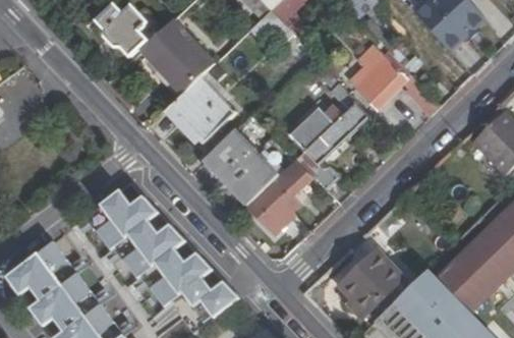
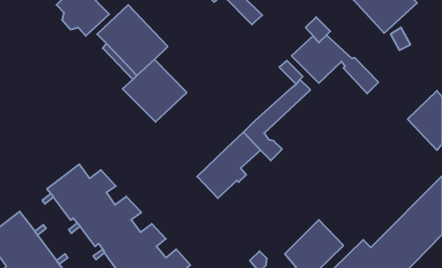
building: [294,100,348,145] -> none
building: [203,131,278,206] -> none

